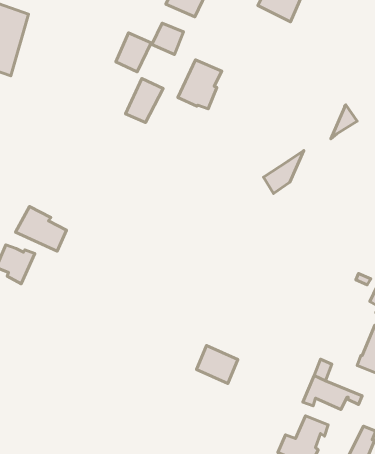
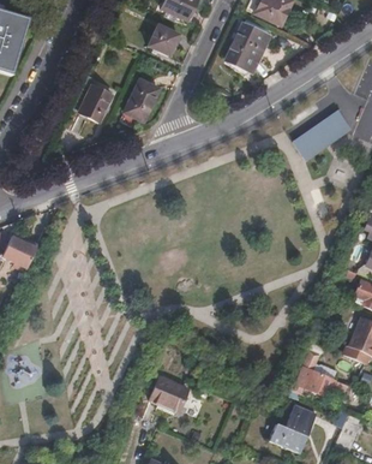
building: [116,33,151,72] -> [77,87,110,124]
building: [178,60,222,109] -> [223,24,265,71]
building: [263,151,304,193] -> [293,108,331,149]
building: [15,206,67,251] -> none
building: [196,346,238,383] -> [148,377,187,414]

